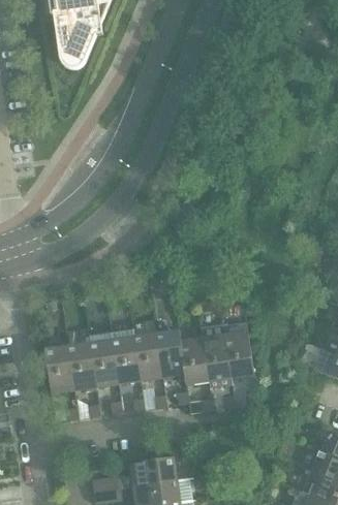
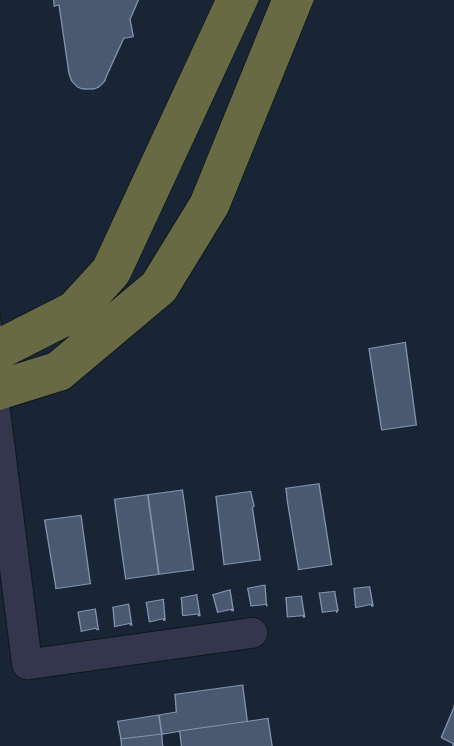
building: [223,320,254,377] -> [369,342,416,430]
building: [135,333,161,380] -> none
building: [180,336,210,384] -> none
building: [68,342,97,389] -> none

